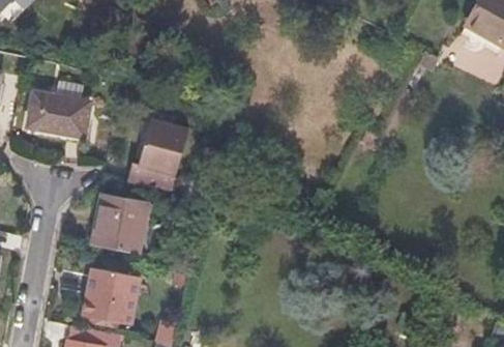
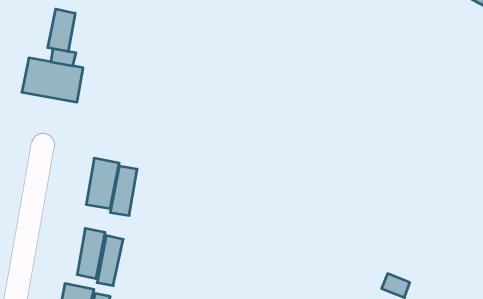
building: none -> [48,9,75,52]
building: [129,122,184,193] -> none

